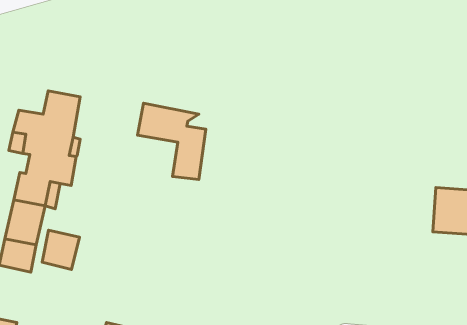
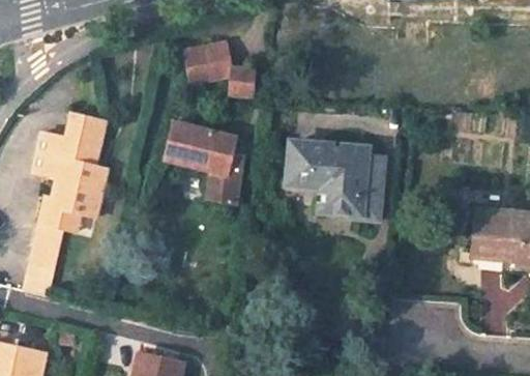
building: none -> [186,39,255,93]
building: none -> [285,144,378,221]
building: [42,230,80,269] -> none

